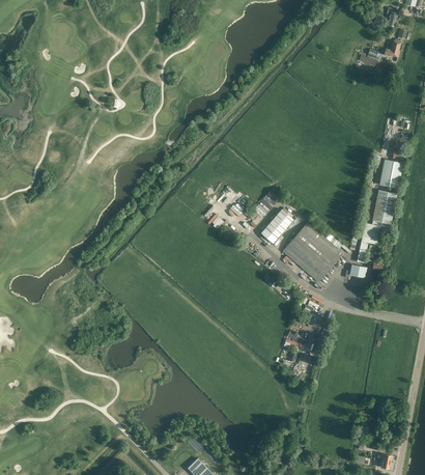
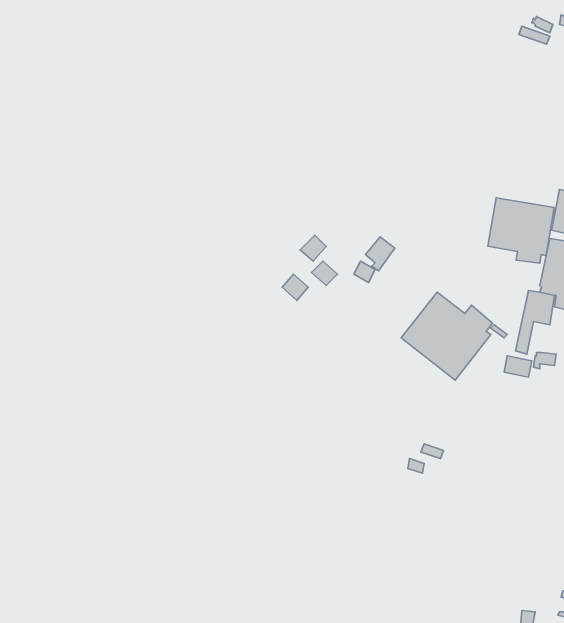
building: none -> [488,198,554,263]
building: [260,209,293,245] -> none

